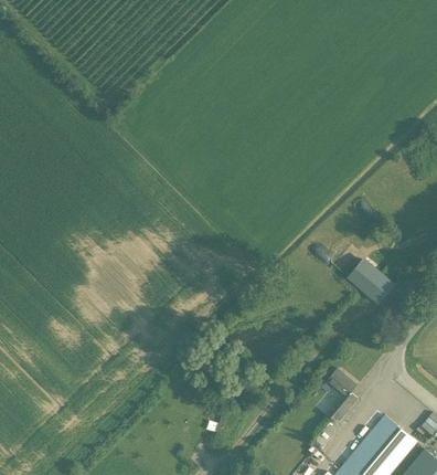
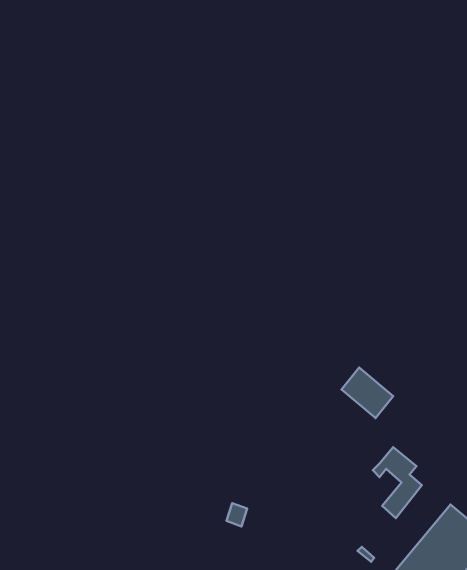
building: [349,261,391,302] -> [341,368,393,418]

